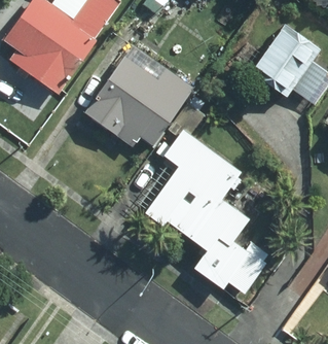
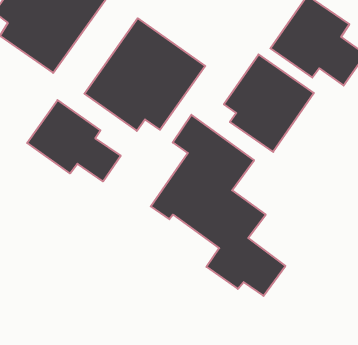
building: none -> [224,54,314,152]
building: none -> [27,100,121,181]

